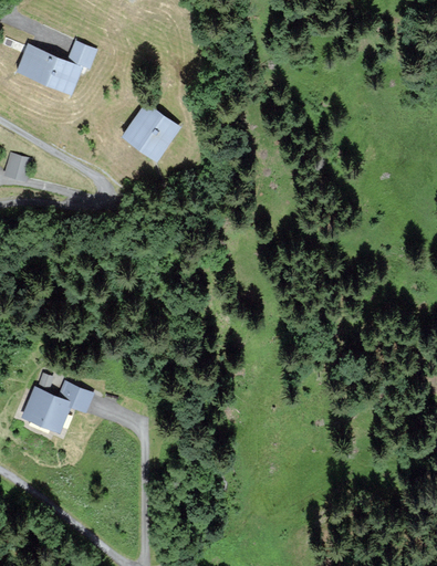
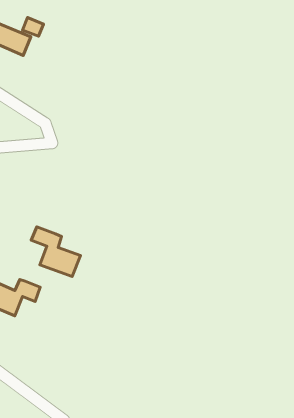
building: [124,104,177,158] -> none
building: none -> [31,227,80,277]

